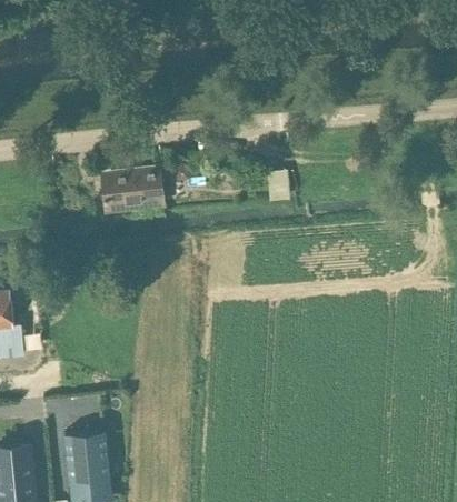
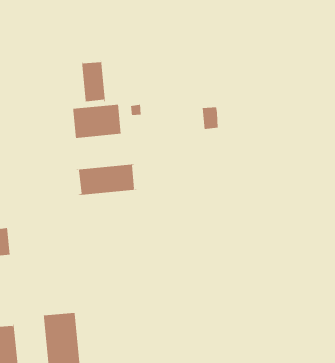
building: none -> [81,60,105,104]
building: none -> [76,164,137,196]

